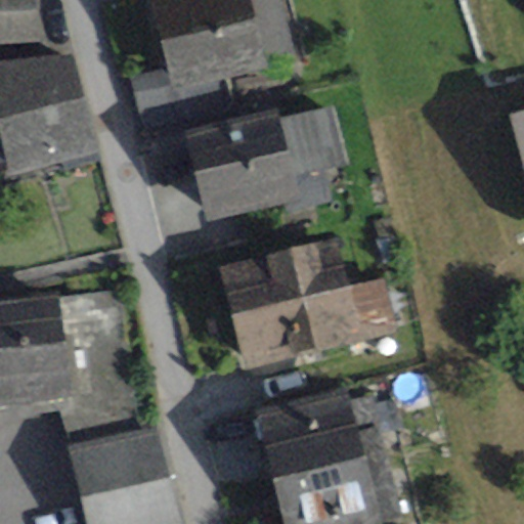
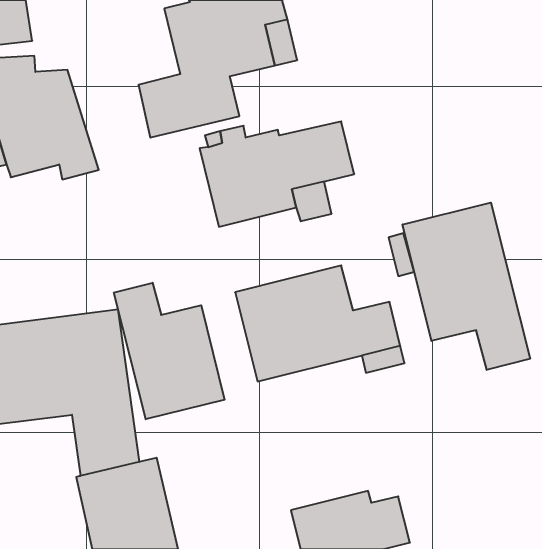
building: none -> [403,203,530,370]
building: none -> [114,283,225,419]
building: [261,404,375,486] -> none

